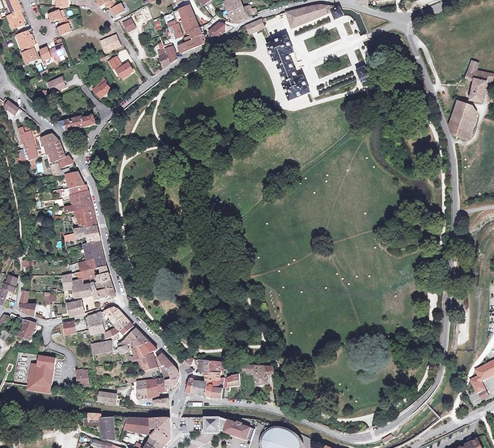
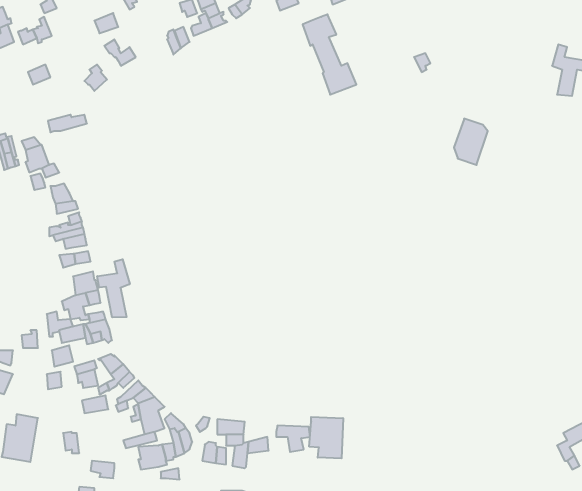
building: [448,101,475,138] -> [454,119,488,165]
building: none -> [97,259,130,317]
building: none -> [309,417,343,458]

